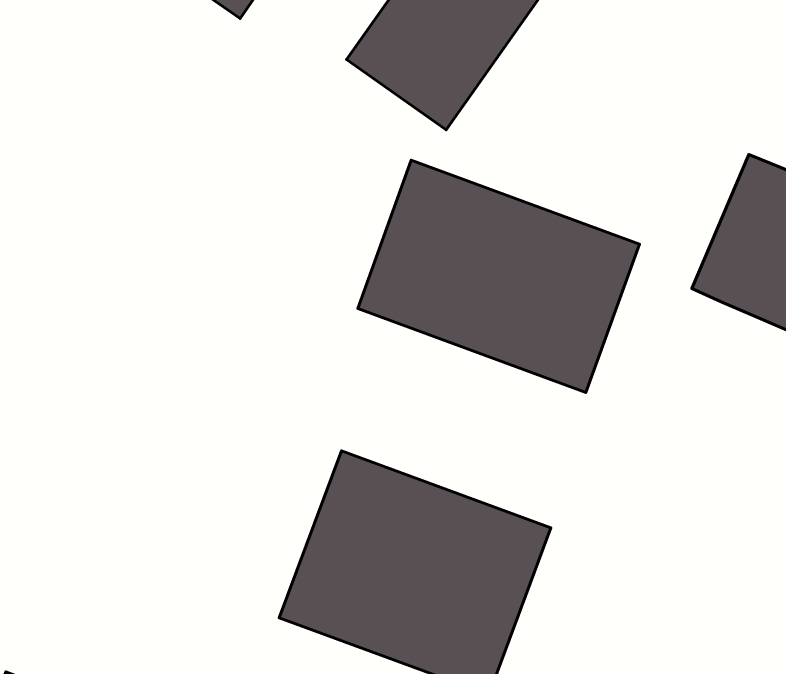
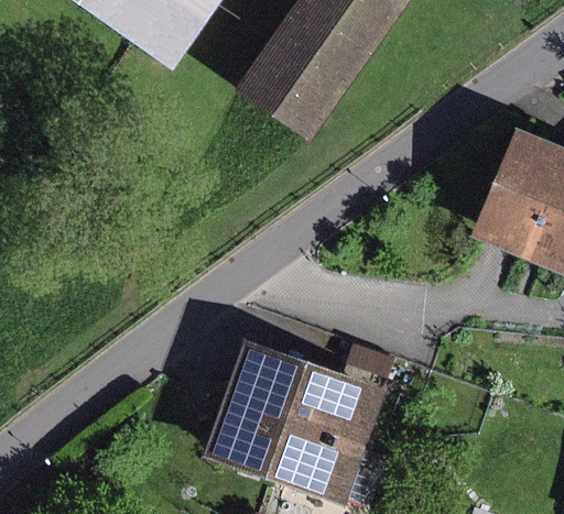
building: [358,160,639,392] -> none

